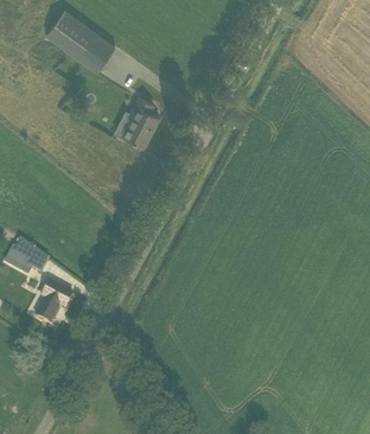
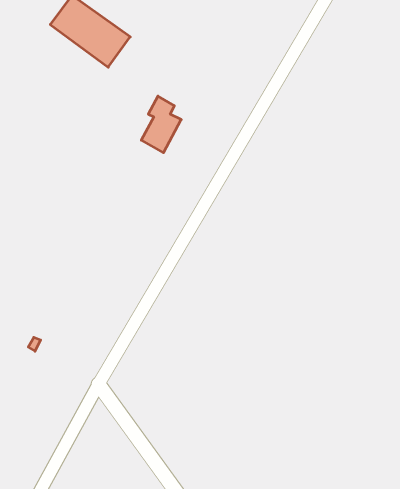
building: [12,236,49,272] -> none
building: [34,280,72,321] -> none

